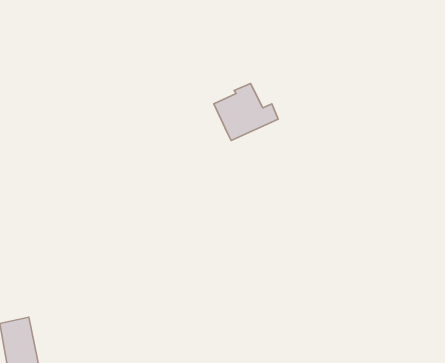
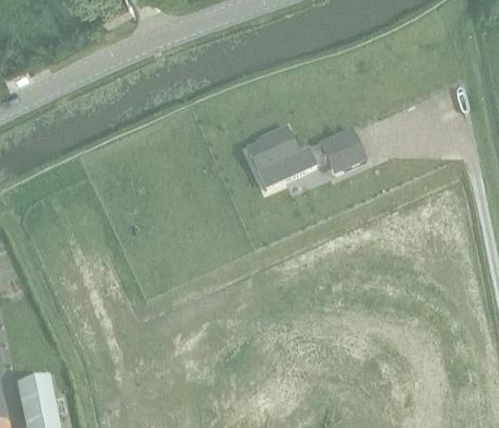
building: none -> [319,130,364,169]

